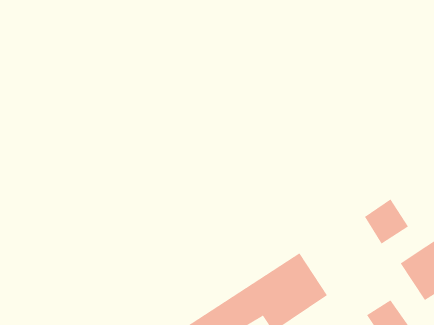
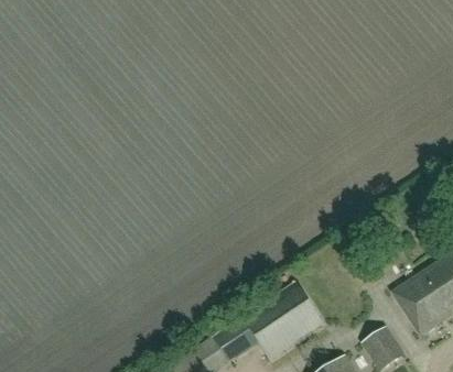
building: [364,198,409,245] -> none

